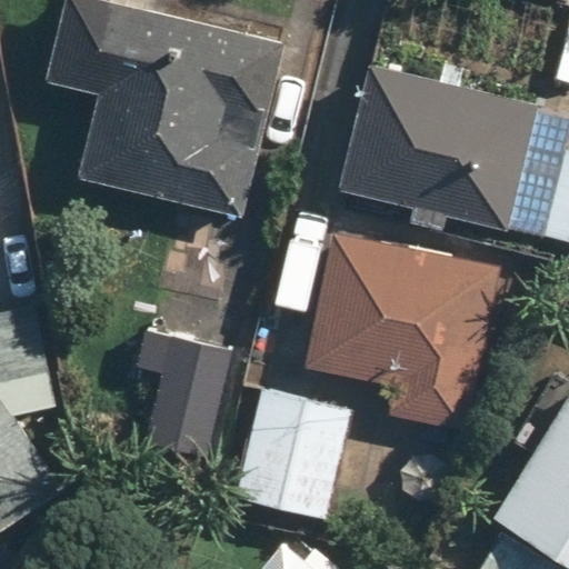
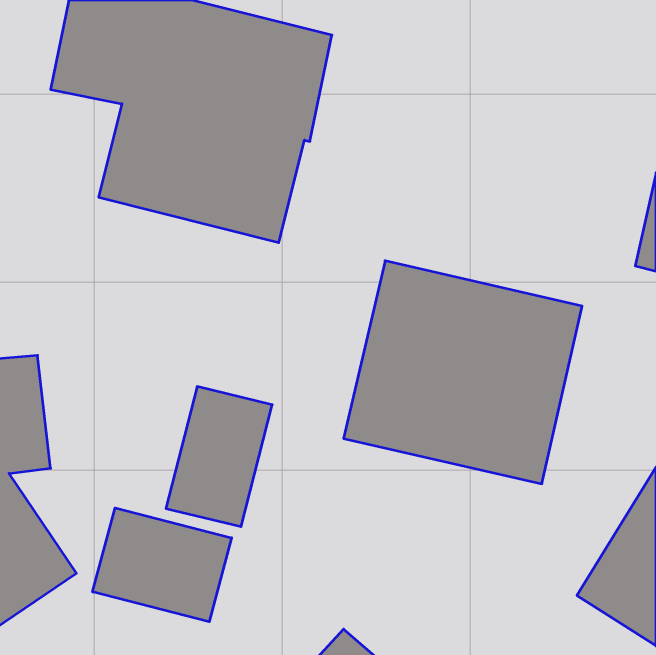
building: [340,66,536,230] -> none
building: [241,397,350,512] -> none
building: none -> [93,508,232,622]

